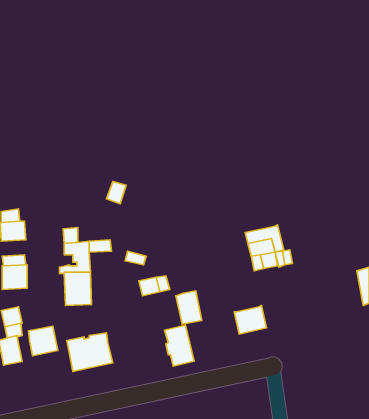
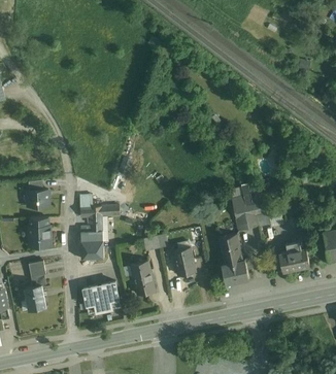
building: none -> [219,234,242,265]
building: none -> [279,248,309,271]
building: [164,325,194,366] -> [130,261,155,295]
building: [28,326,58,356] -> none

